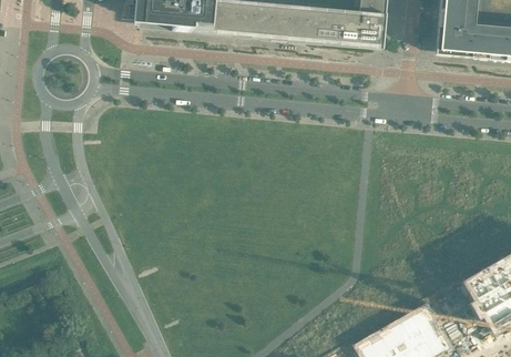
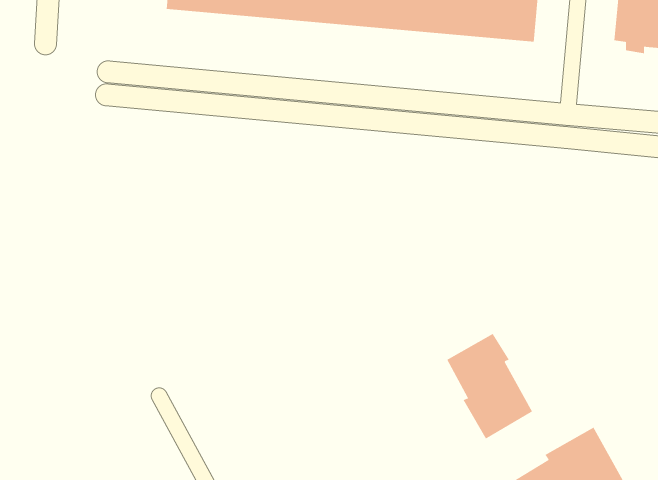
building: none -> [447,333,533,440]

